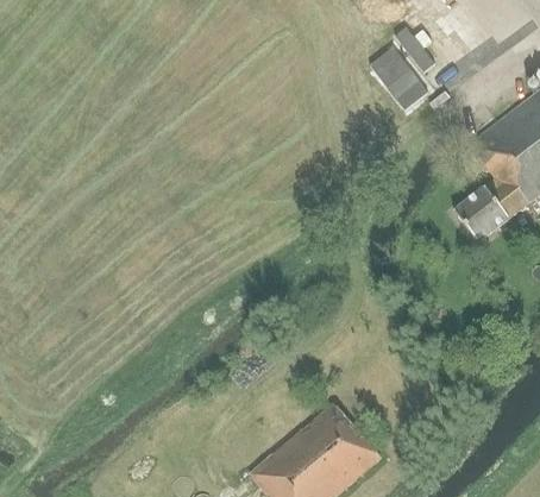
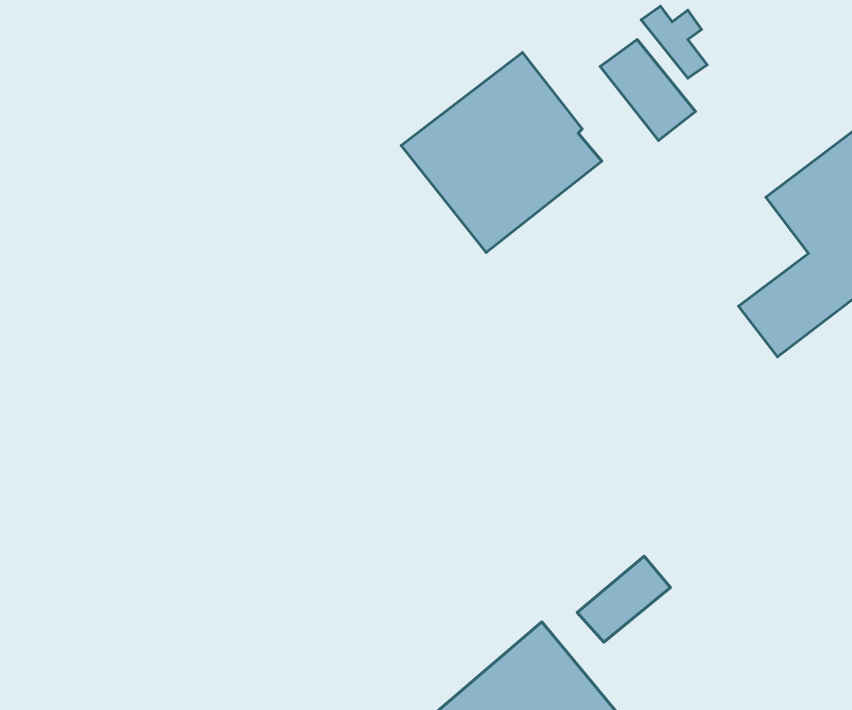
building: none -> [401,52,602,253]
building: none -> [577,556,671,642]

